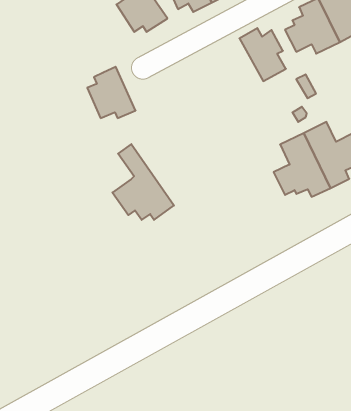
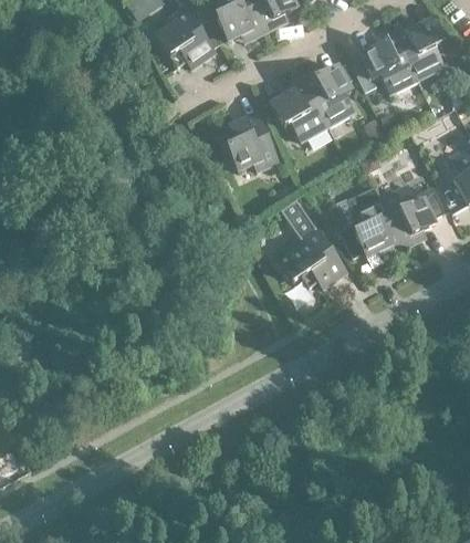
building: none -> [272,75,328,140]
building: [87,67,136,118] -> [223,111,280,170]
building: [112,144,174,220] -> [275,199,347,288]

